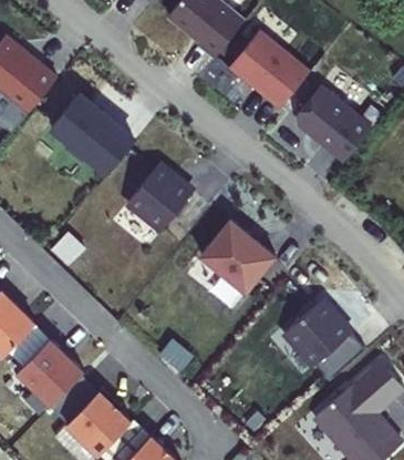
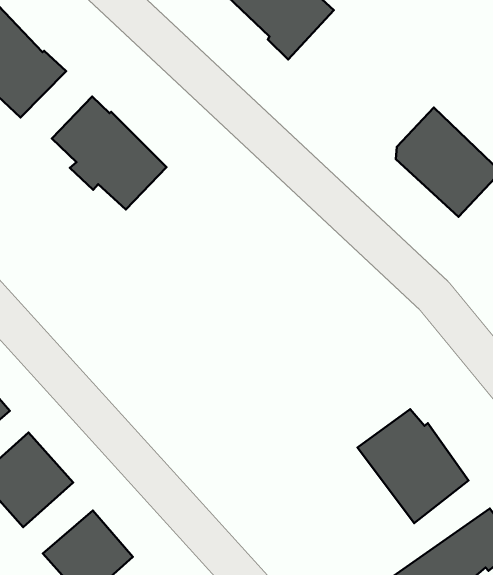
building: [228,30,309,110] -> none
building: [126,163,190,231] -> none
building: [198,219,273,293] -> none

